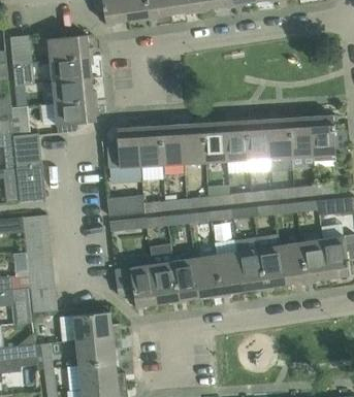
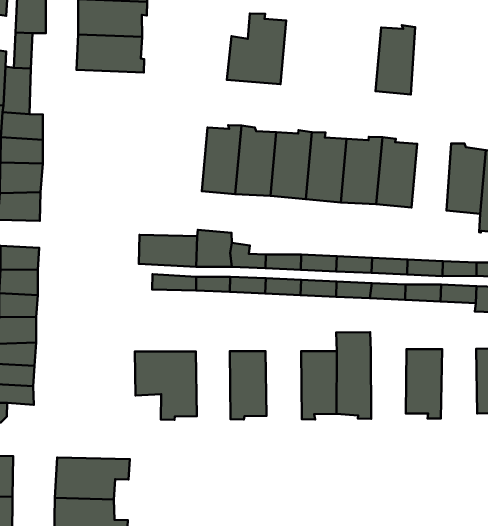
building: [54,99,96,125] -> none
building: [267,115,291,158] -> [376,25,415,94]
building: [106,125,140,168] -> [227,13,286,84]
building: [300,238,327,284] -> none
building: [257,244,284,290] -> none
building: [193,255,221,297] -> none
building: [151,261,178,303] -> none
building: [72,311,120,340] -> none

